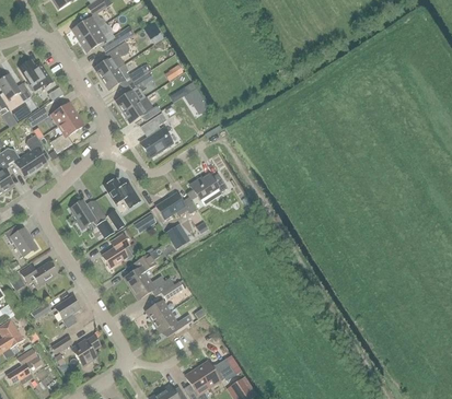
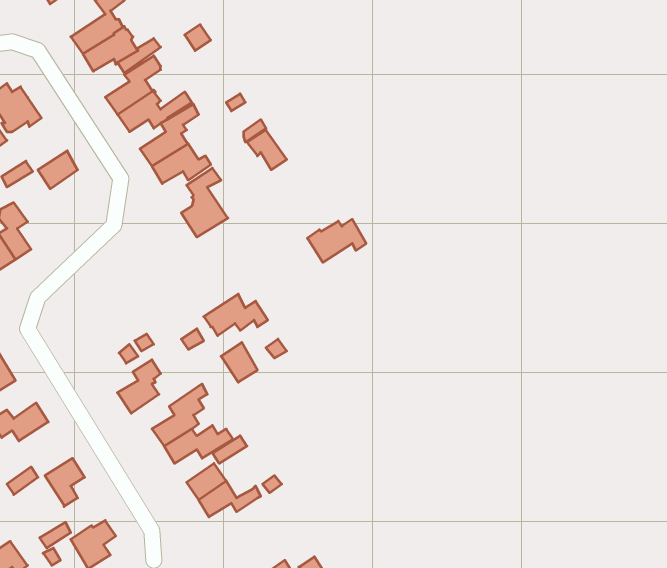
building: [49,113,83,152] -> none
building: [189,172,227,199] -> [307,219,366,262]
building: [104,177,140,207] -> none
building: [69,199,106,228] -> none

